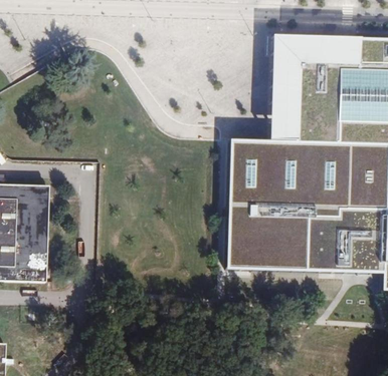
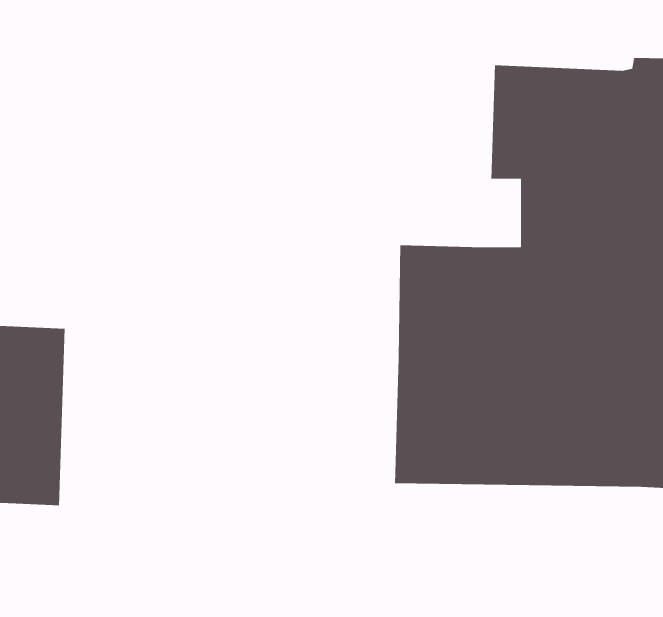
building: [269,36,357,140] -> none

